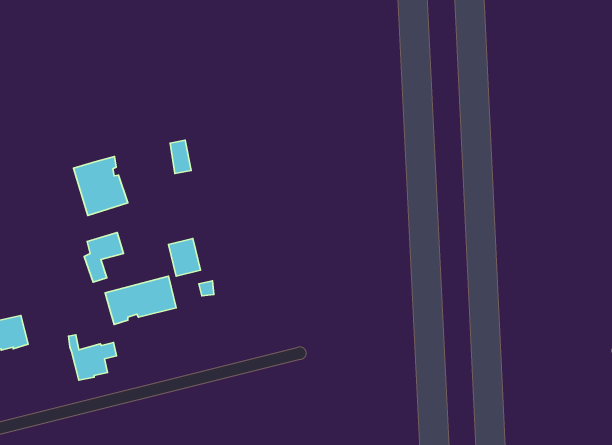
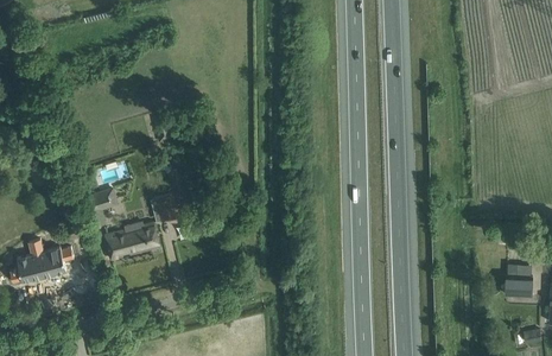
building: [74,156,128,215] -> none
building: [68,335,117,380] -> [36,240,74,275]

